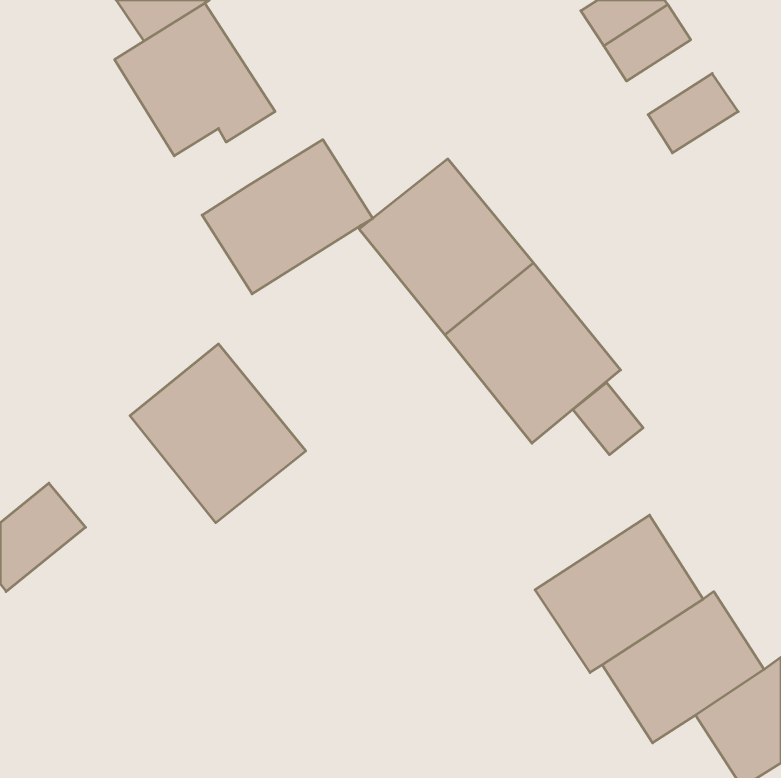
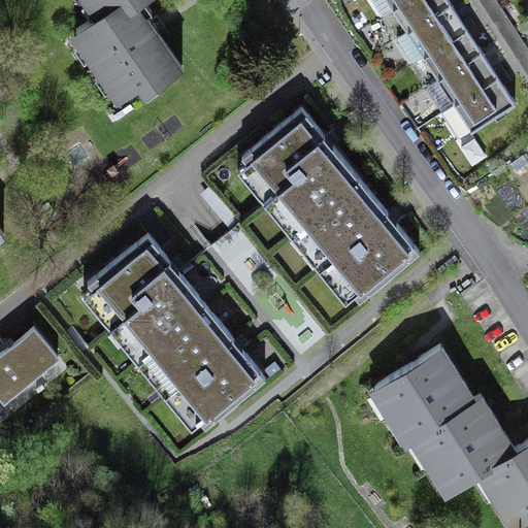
building: none -> [423,29,481,79]
building: none -> [454,77,515,132]
building: [202,140,373,294] -> none
building: [573,382,643,455] -> none
building: none -> [145,306,264,427]

